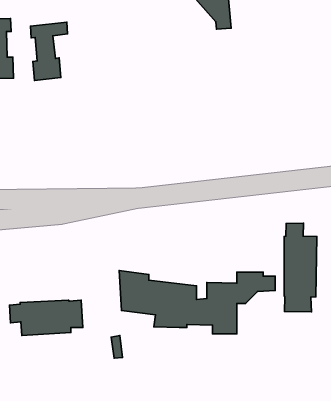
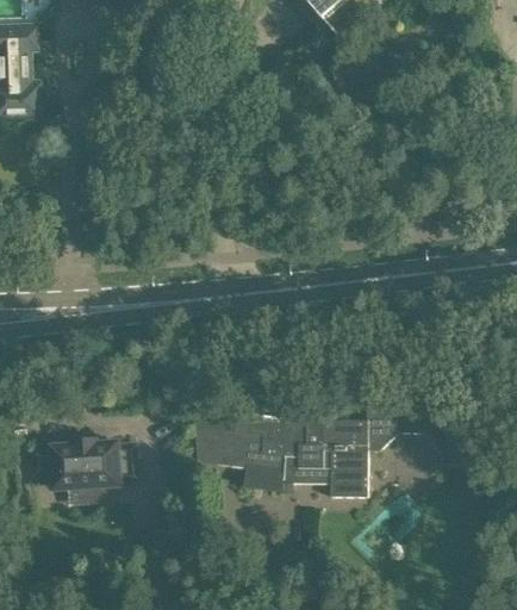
building: [31,22,68,80] -> none
building: [284,223,317,312] -> none

